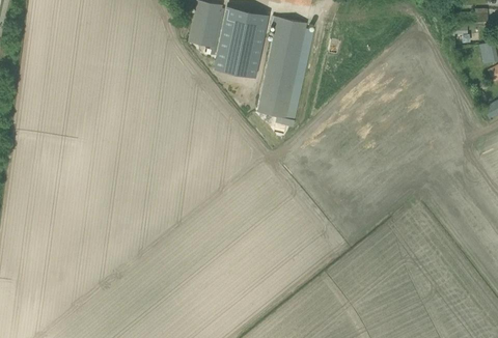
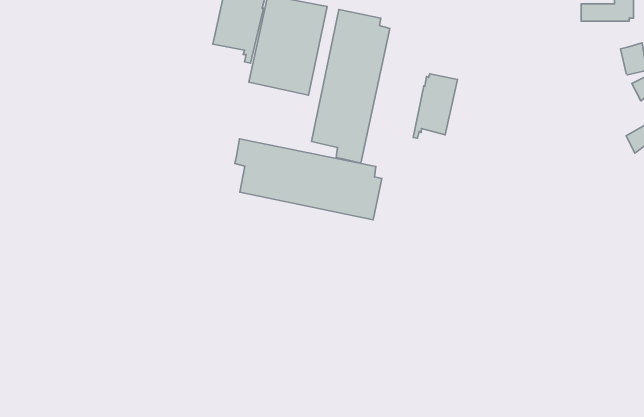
building: none -> [413,74,457,138]
building: none -> [235,139,382,220]

